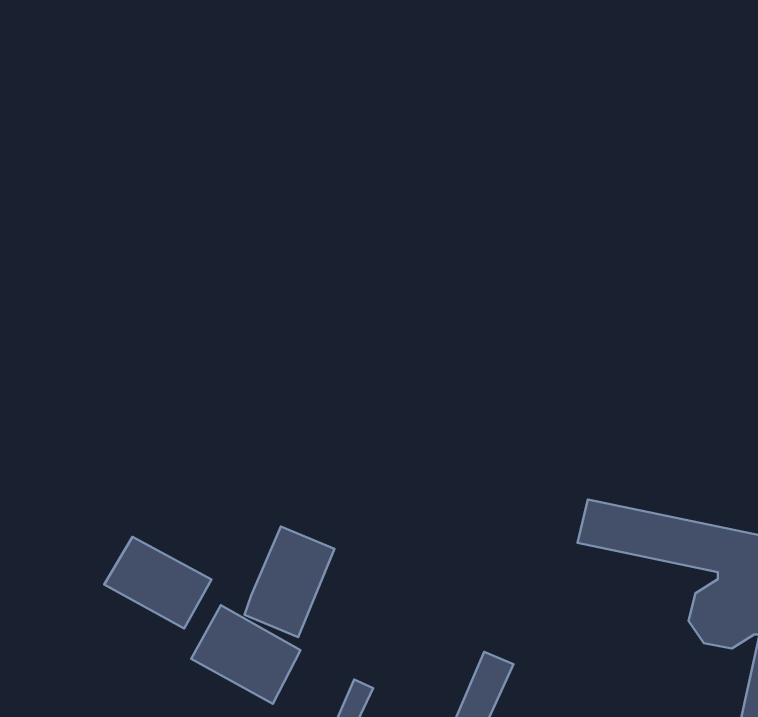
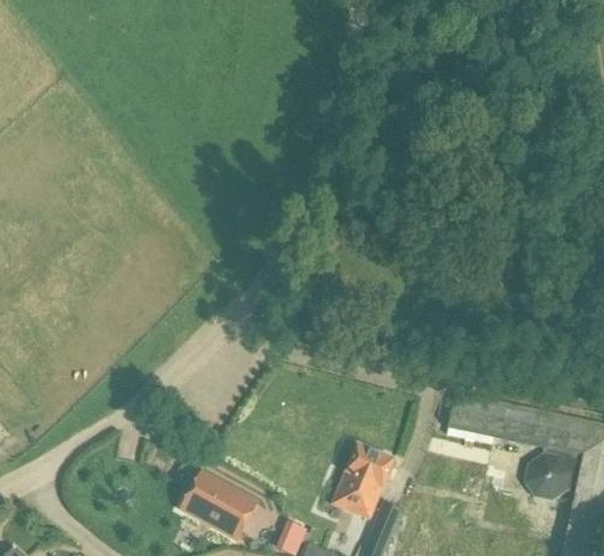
building: [244,526,334,637] -> [333,441,395,518]
building: [104,537,212,629] -> none

